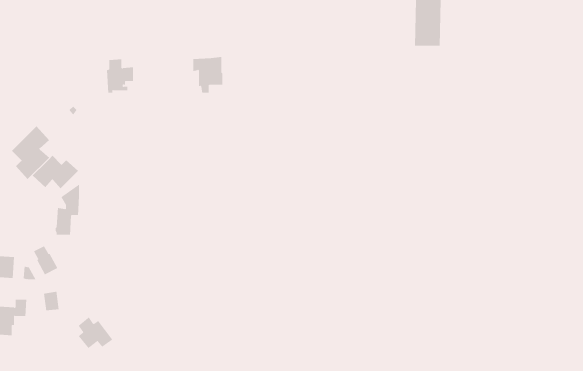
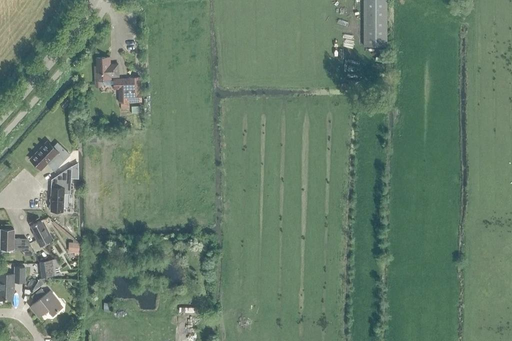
building: [192,57,223,93] -> [113,77,140,109]
building: [11,125,50,180] -> none
building: [78,317,113,349] -> [31,288,62,316]

